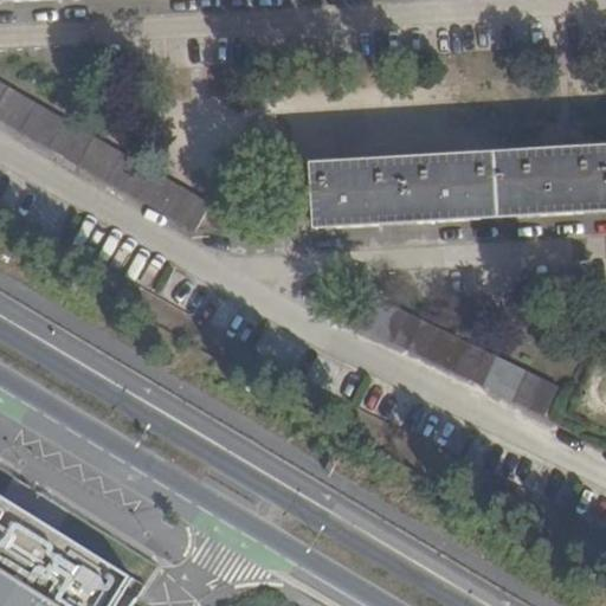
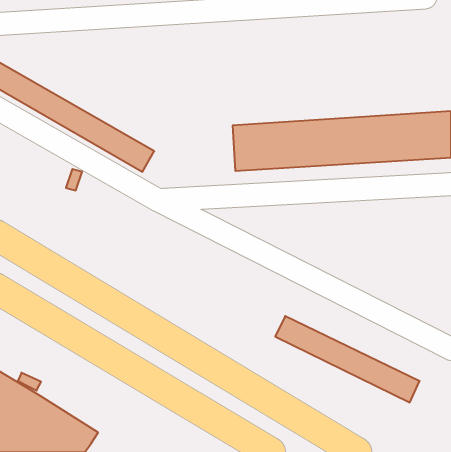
building: [361,298,553,413] -> [275,316,420,402]

